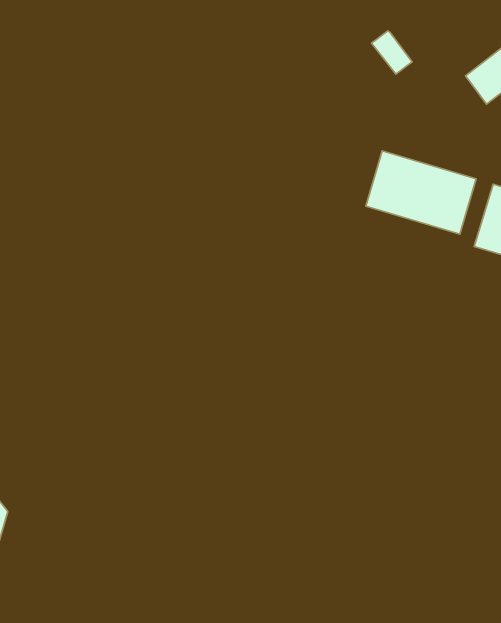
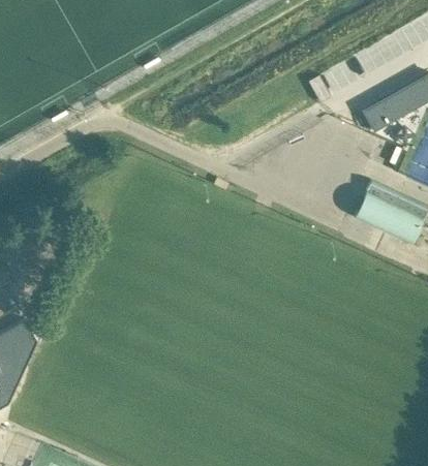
building: [366,151,476,234] -> none

